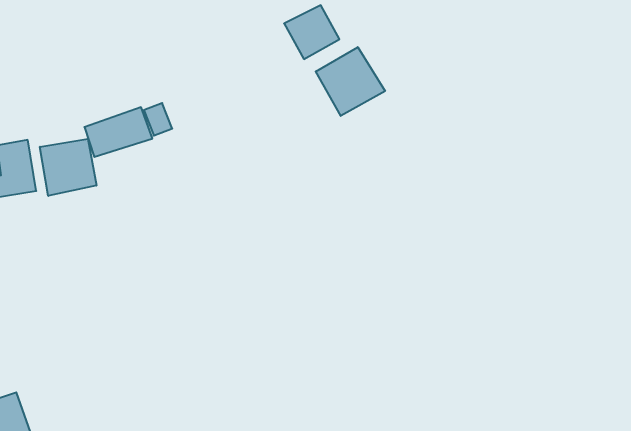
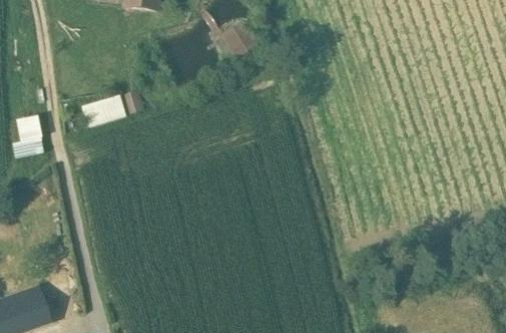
building: [316,47,385,116] -> none
building: [40,139,96,196] -> none

